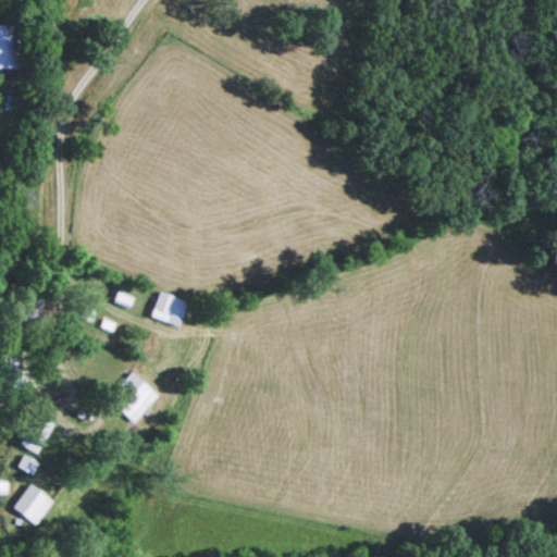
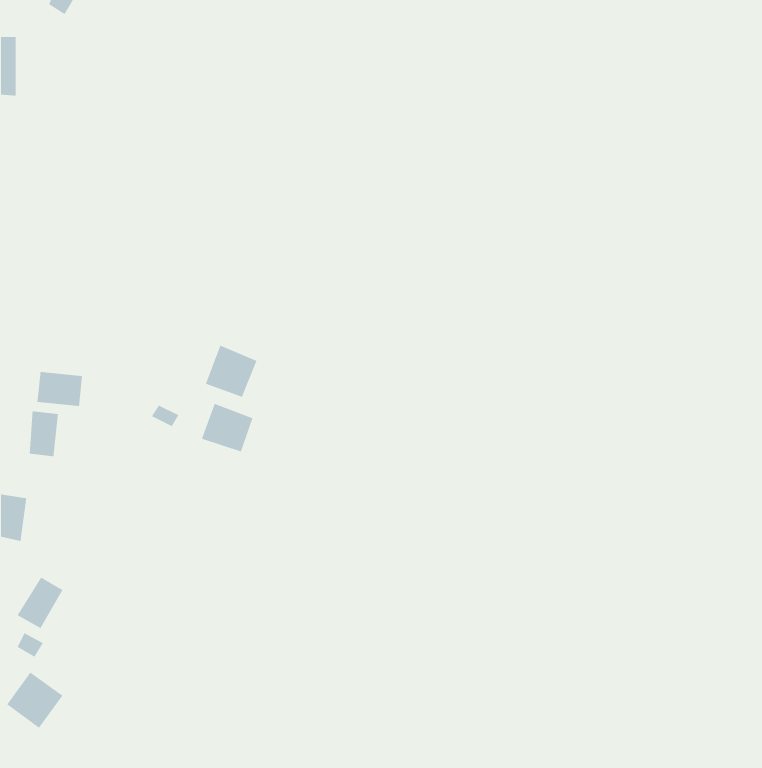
building: none -> [205,344,258,398]
building: none -> [37,371,83,407]
building: [108,372,160,424] -> none

